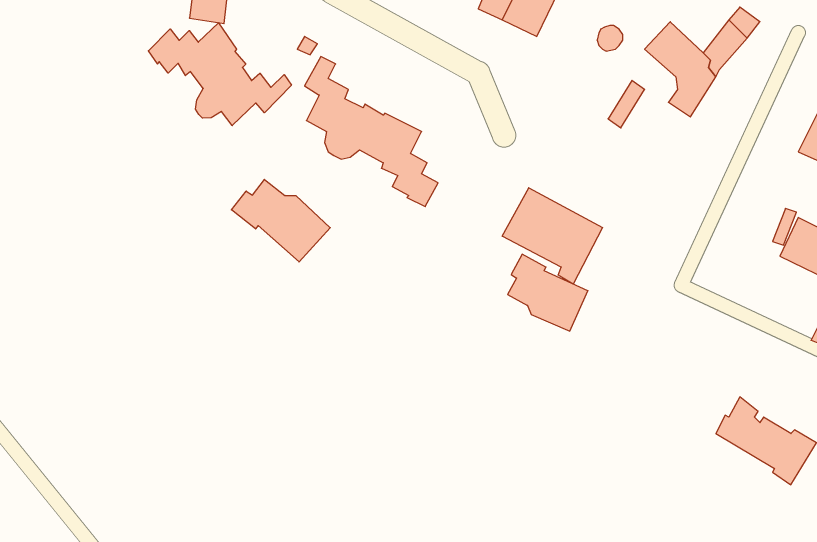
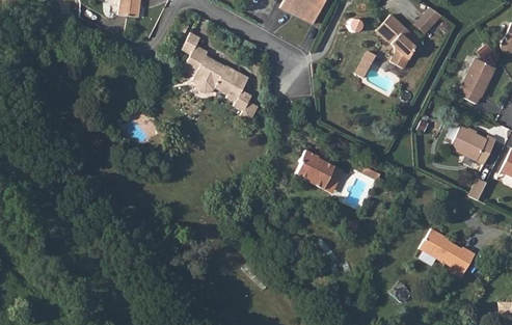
building: [148,23,291,126] -> none
building: [231,179,330,262] -> none
building: [502,188,603,284] -> none

